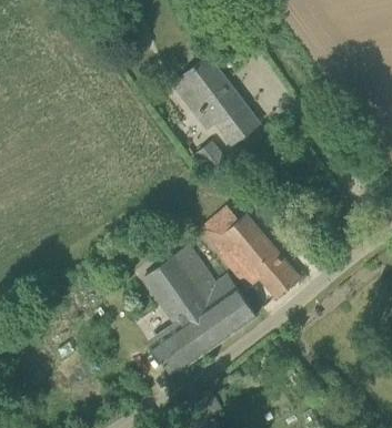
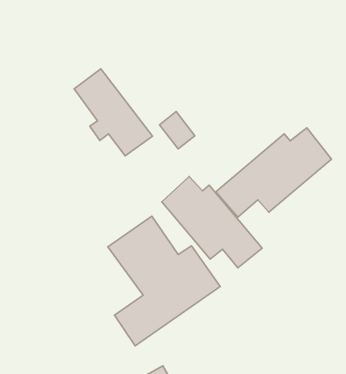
building: [180,57,259,144] -> [74,69,153,156]
building: none -> [216,128,331,217]

